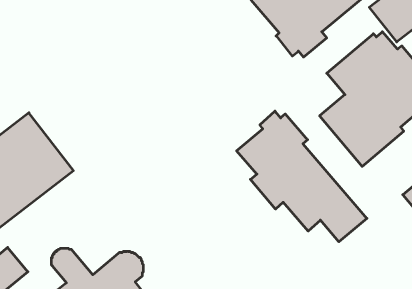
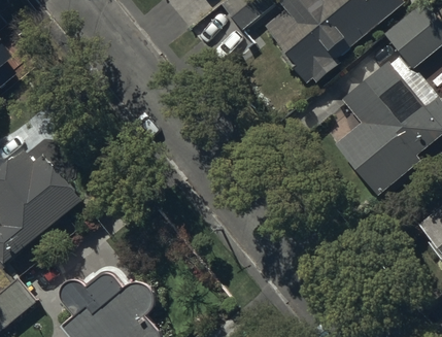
building: [237,111,367,242] -> none

